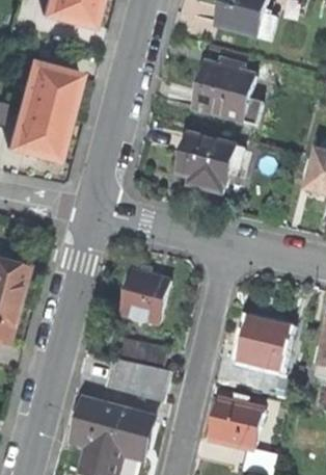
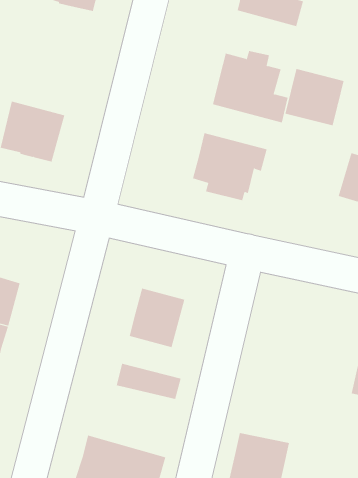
building: [19,61,78,116] -> none
building: none -> [285,68,344,126]
building: [241,319,292,369] -> none
building: [108,357,173,400] -> none

